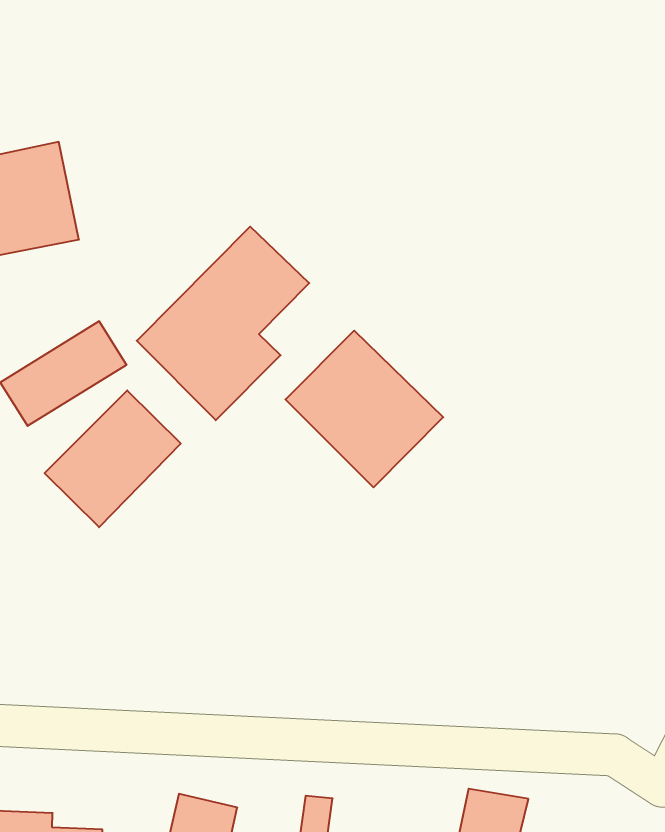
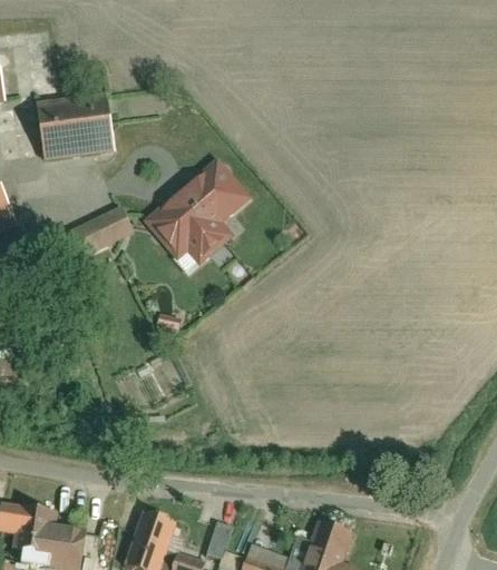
building: [285,331,443,487] -> none
building: [45,390,181,527] -> none

